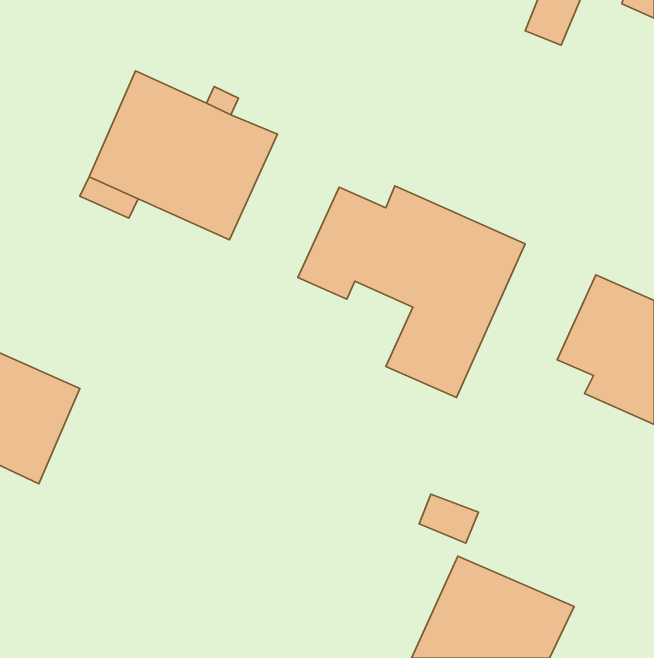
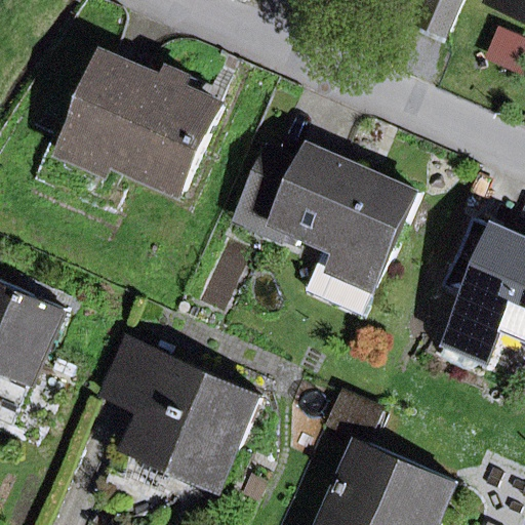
building: none -> [96,339,259,519]

